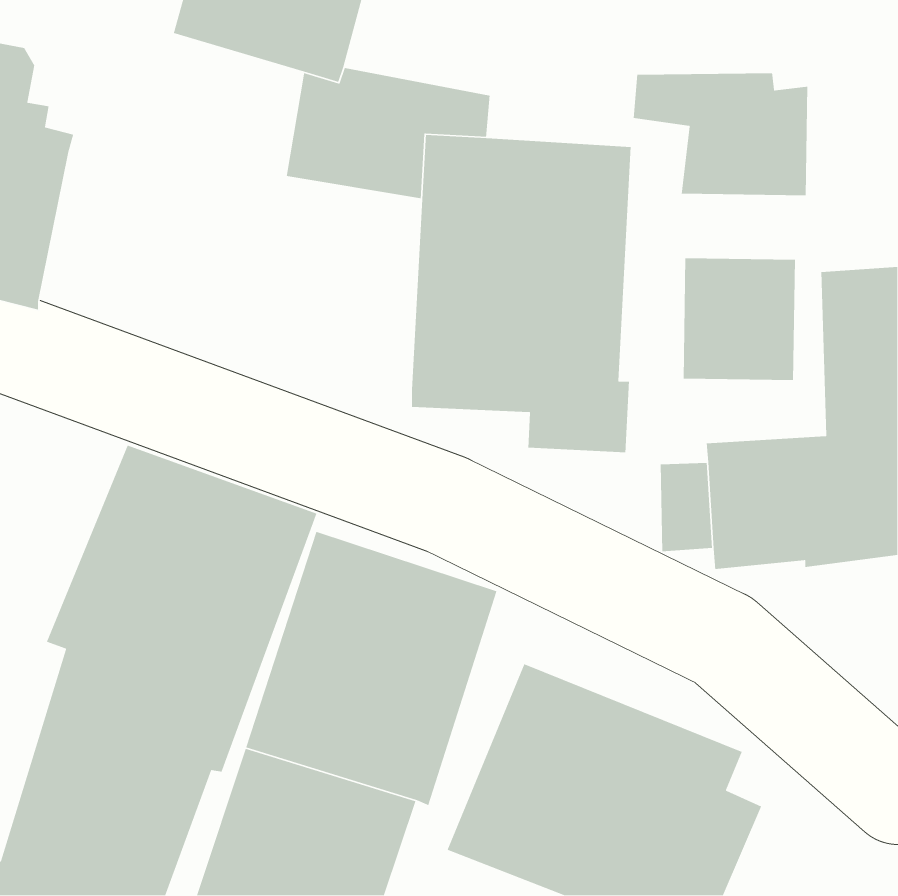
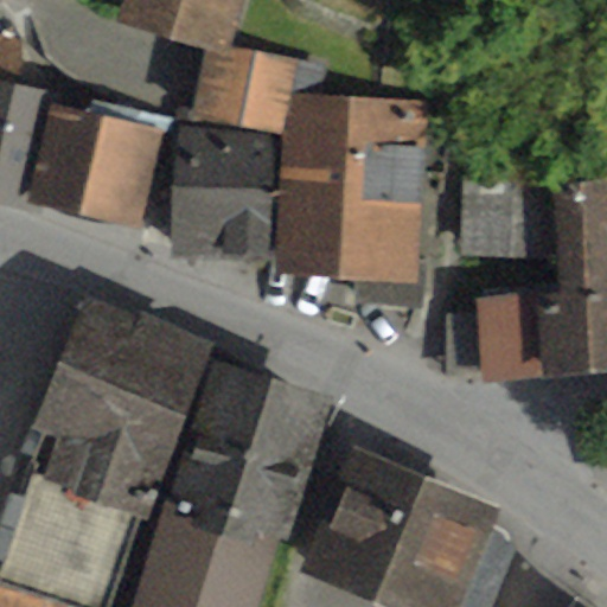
building: [633,73,808,196] -> none
building: none -> [26,100,167,226]
building: none -> [171,126,283,262]

